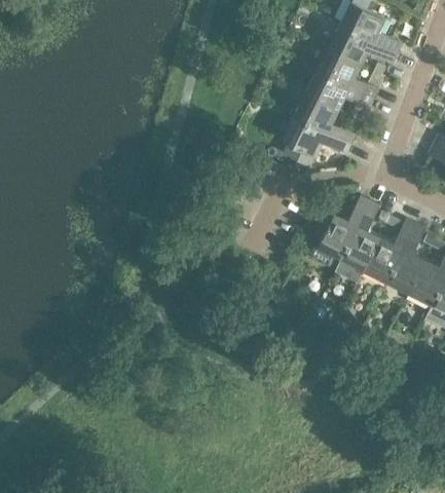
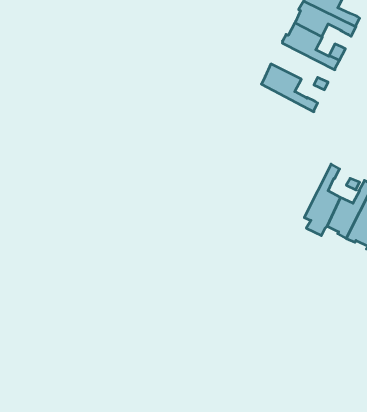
building: [305,70,374,109] -> none
building: [282,114,351,165] -> none
building: [312,195,370,263] -> none

